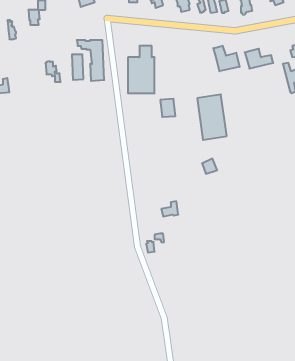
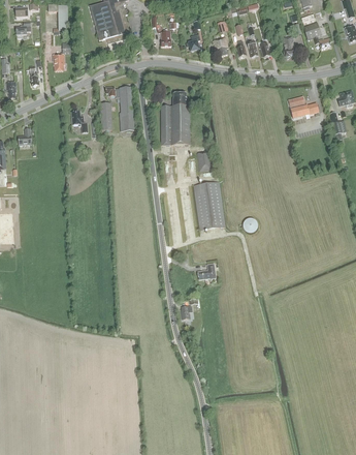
building: [213,46,240,71] -> none
building: [197,94,227,140] -> [192,181,224,231]

